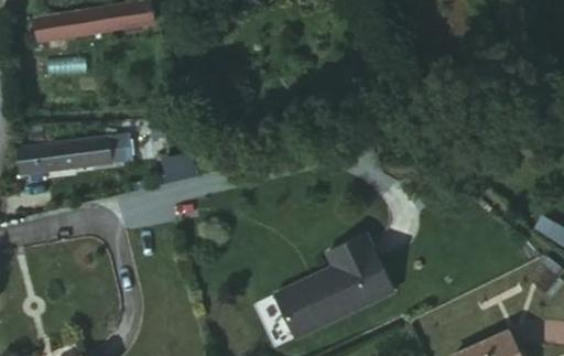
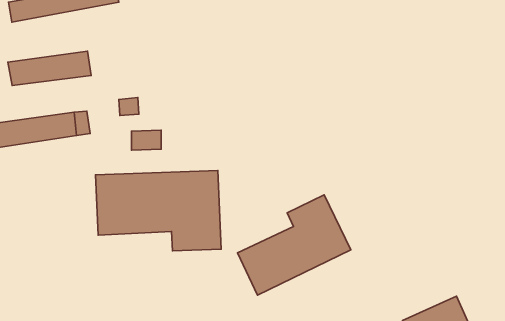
building: none -> [8,51,91,85]
building: none -> [96,171,221,251]

